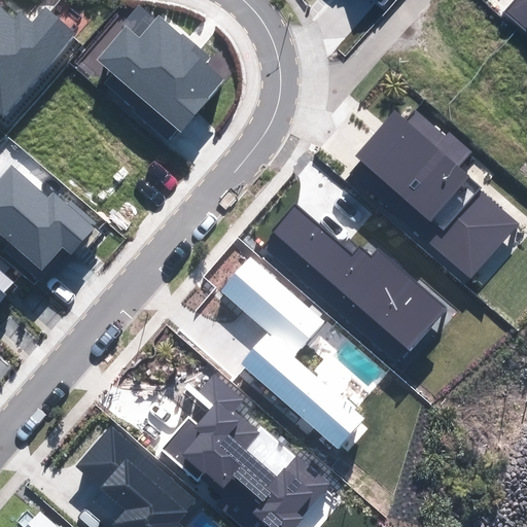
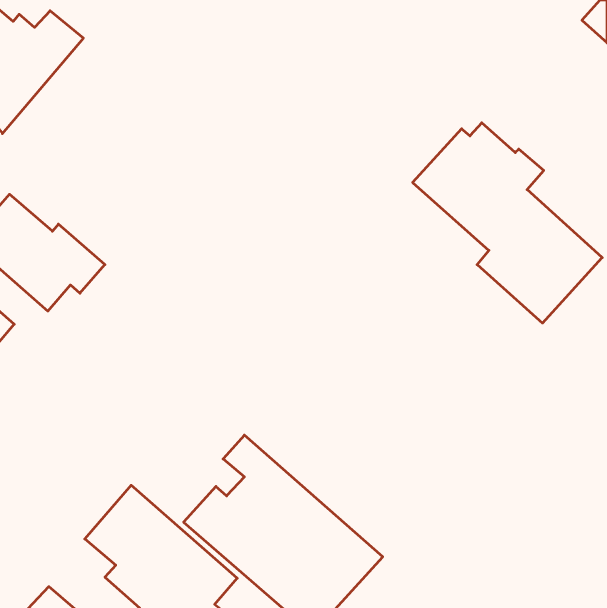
building: [96,17,221,132] -> none
building: [275,205,444,346] -> none
building: [214,250,367,449] -> none

